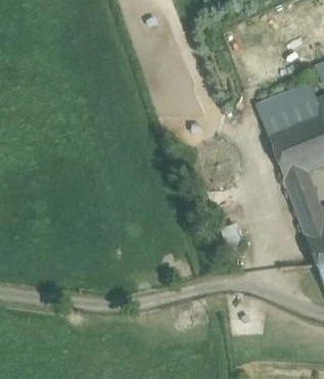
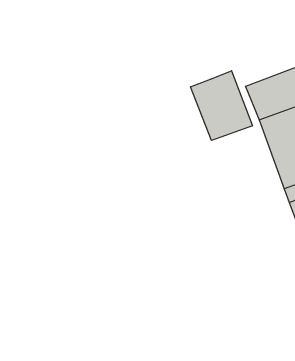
building: none -> [191,71,252,140]

